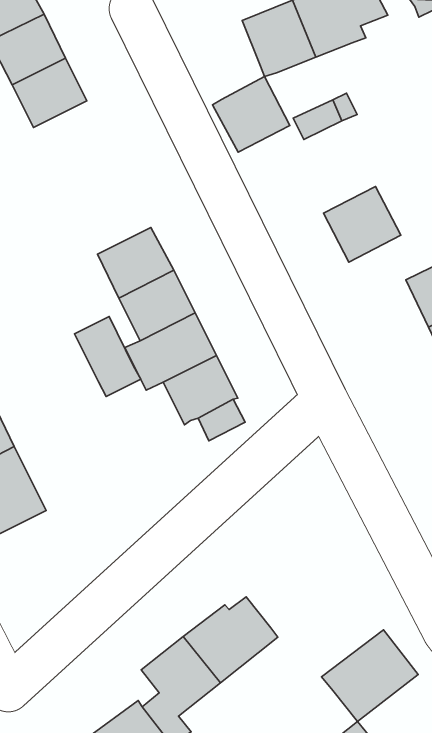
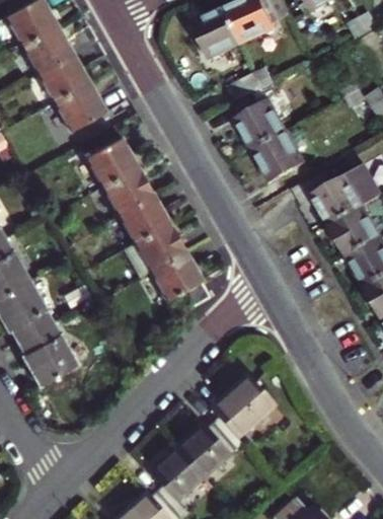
building: [212,77,290,152] -> [235,97,289,150]
building: none -> [53,82,105,131]
building: none -> [84,137,137,187]
building: [74,316,141,397] -> none
building: [322,630,418,722] -> [208,372,274,436]

